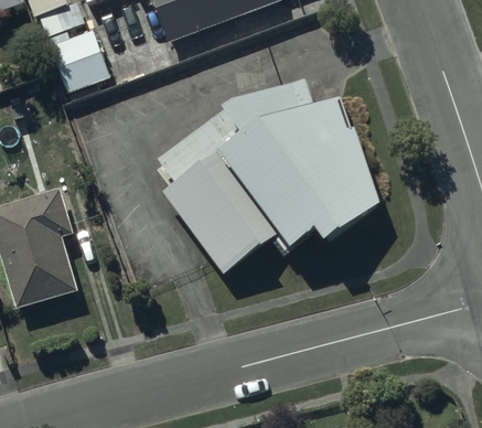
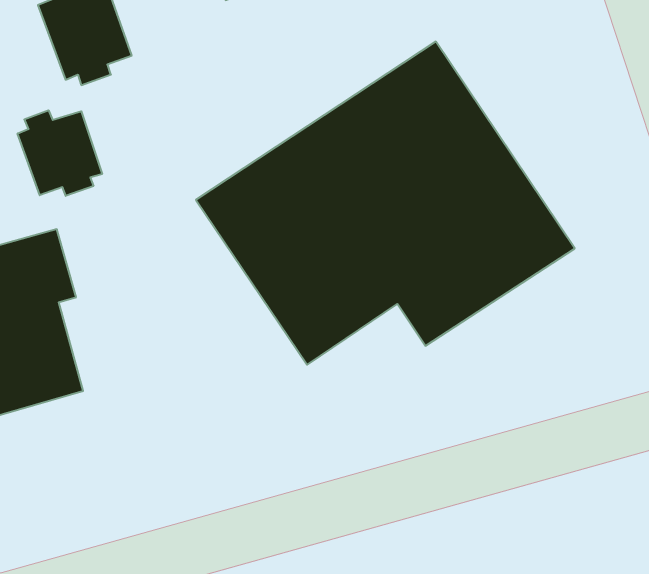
building: none -> [18,110,102,196]

